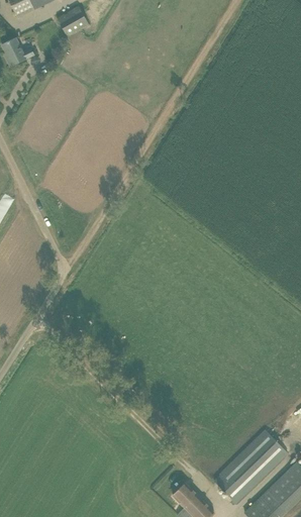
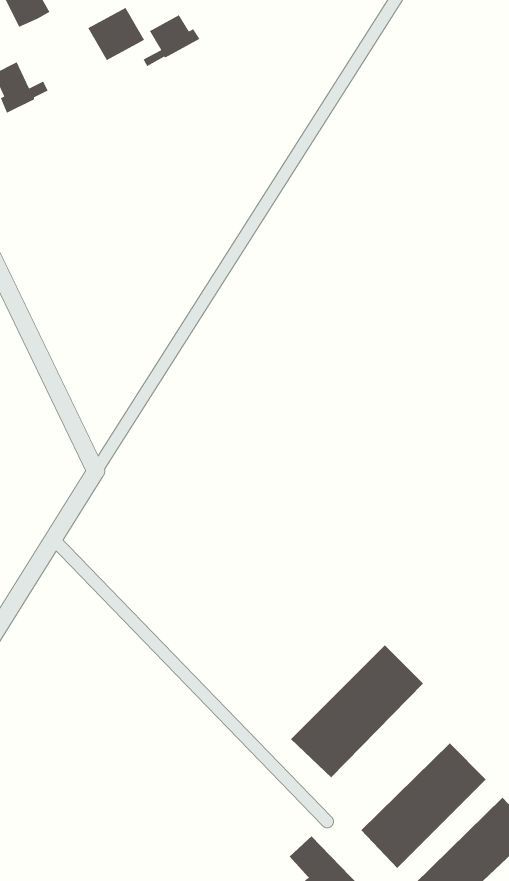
building: none -> [143,14,201,67]
building: none -> [290,644,424,778]

